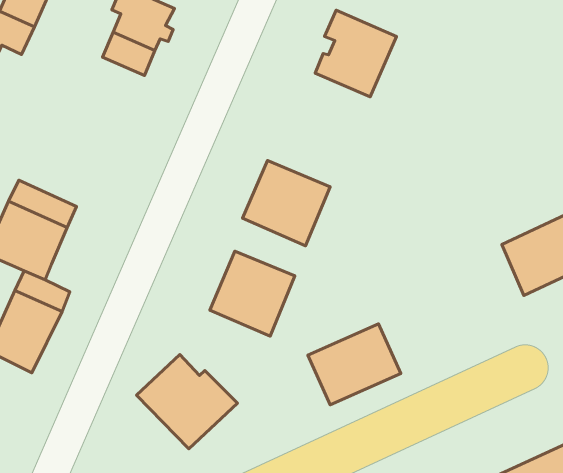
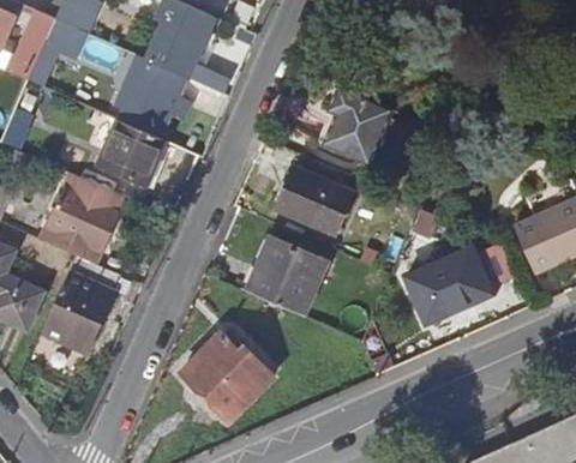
building: [315,10,396,97] -> [318,89,392,168]
building: none -> [124,61,191,128]
building: none -> [98,120,164,185]
building: [308,324,401,405] -> [404,248,490,323]

